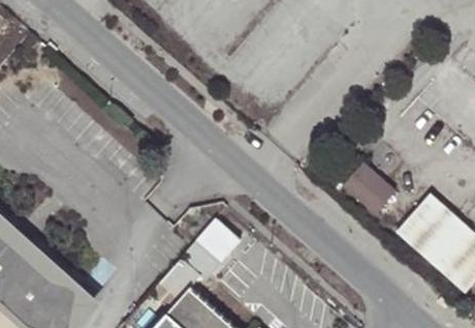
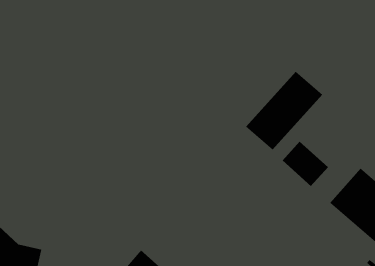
building: none -> [245,71,323,151]

